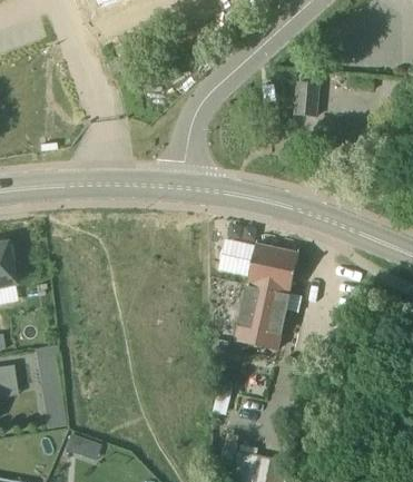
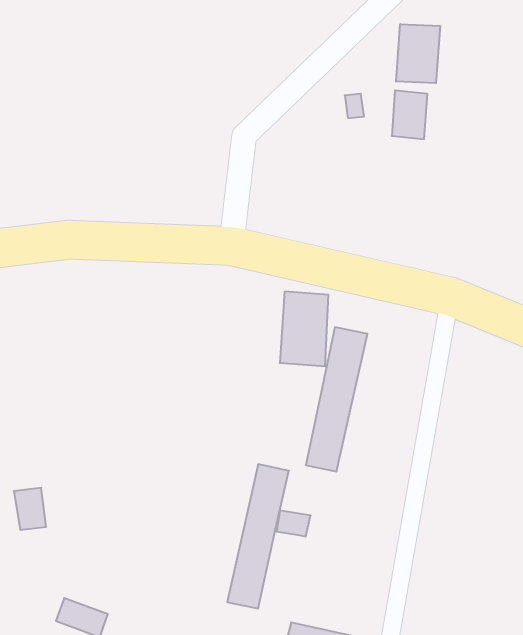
building: none -> [396,24,440,83]
building: [258,249,301,348] -> [227,464,289,609]

